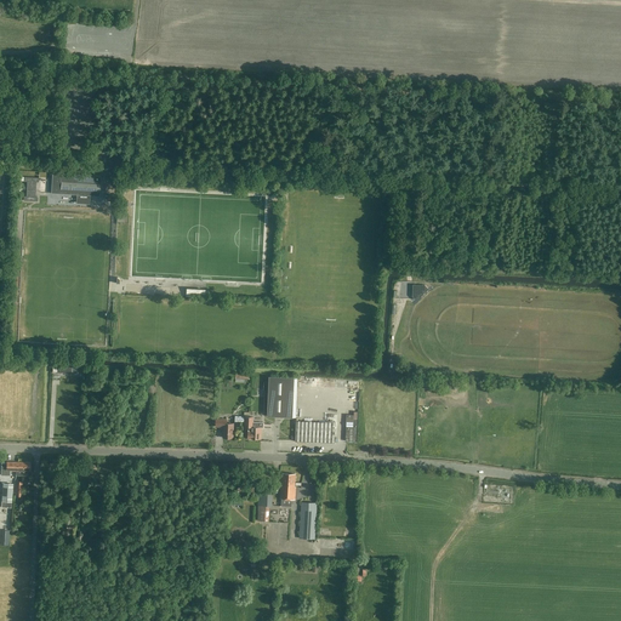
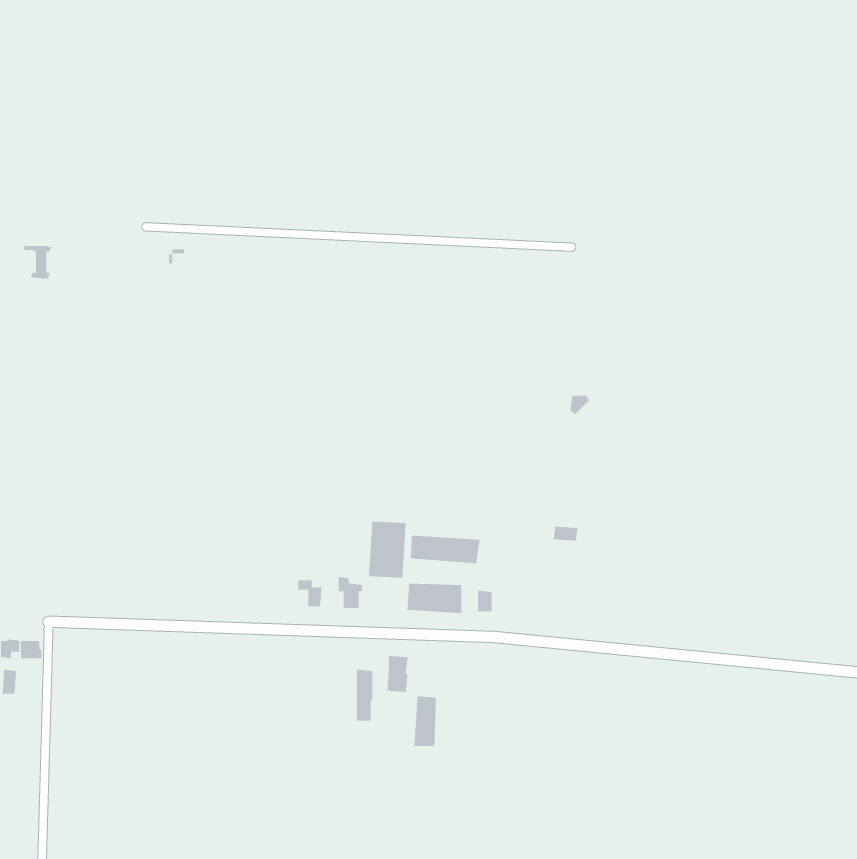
building: [50,172,99,196] -> none
building: none -> [410,535,480,564]

